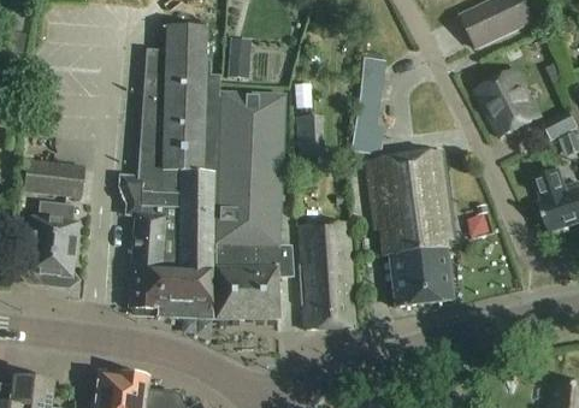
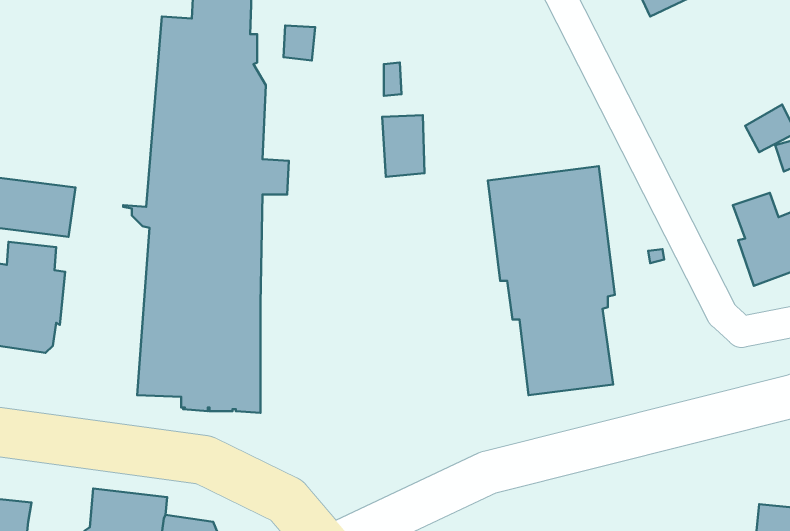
building: [350,57,386,154] -> none
building: [478,70,542,137] -> none
building: [208,75,293,319] -> none
building: [297,221,354,329] -> none

